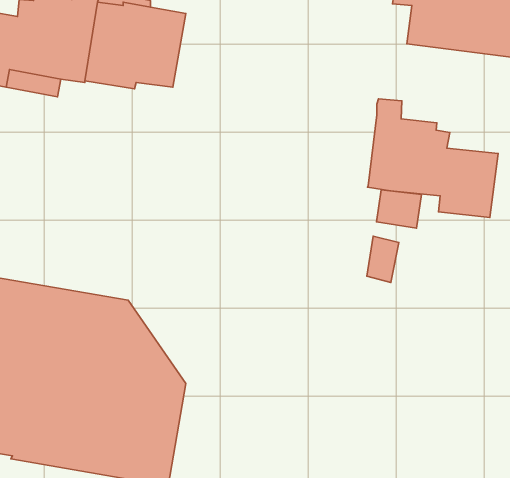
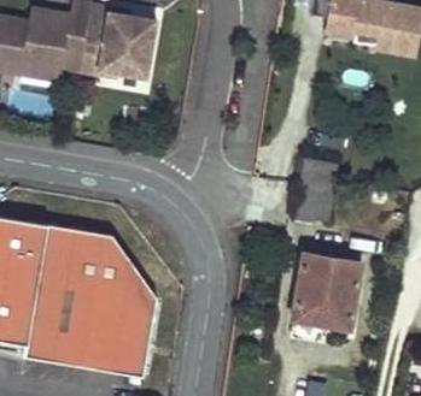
building: [368,99,498,217] -> none
building: none -> [291,252,358,326]

